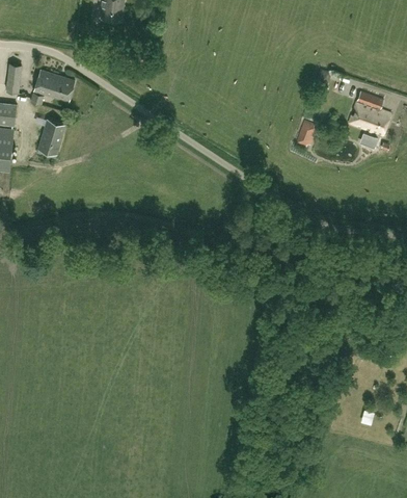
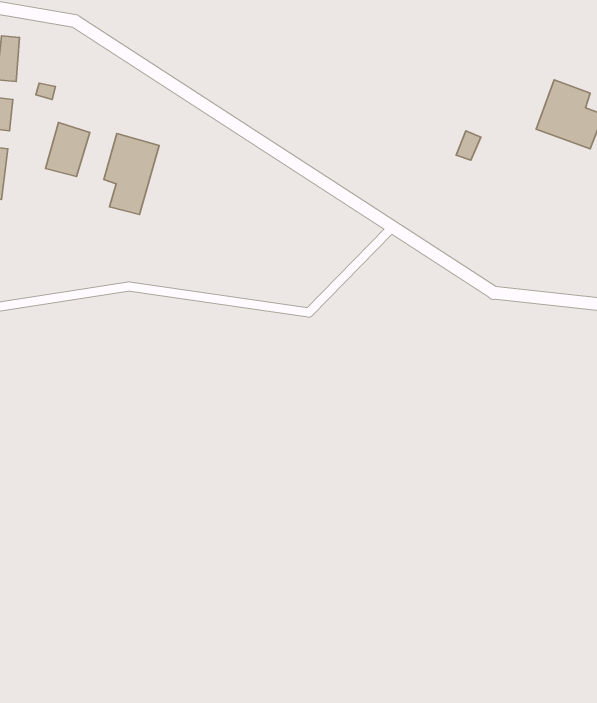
building: [33,70,74,101] -> none
building: none -> [104,134,159,215]

